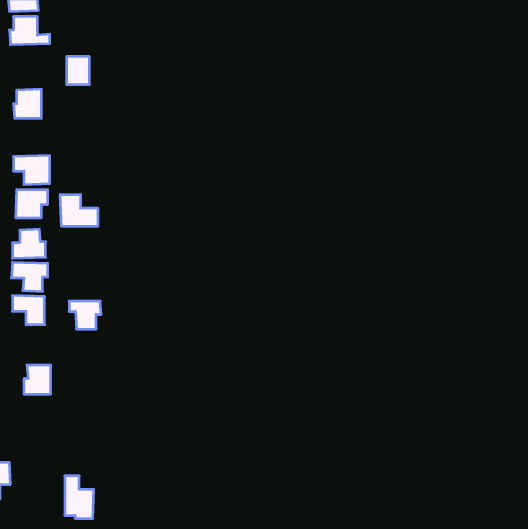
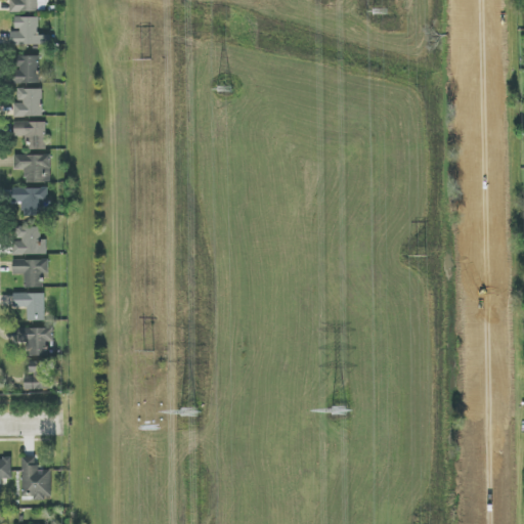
building: [67,57,89,85] -> [15,55,38,83]
building: none -> [13,121,45,149]
building: [60,194,98,226] -> none
building: [69,301,101,329] -> [20,328,52,355]
building: [65,476,94,518] -> [21,456,50,498]

